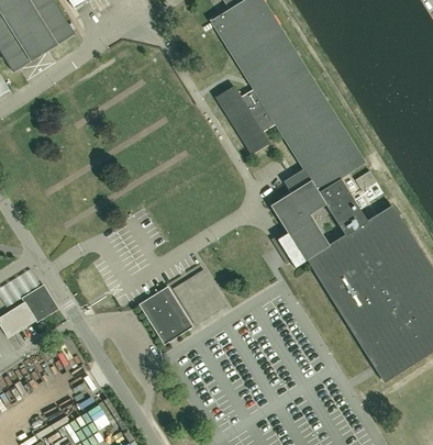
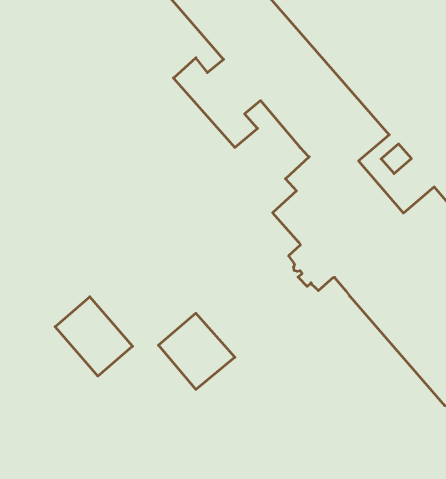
building: [138,285,192,343] -> [55,297,133,376]

